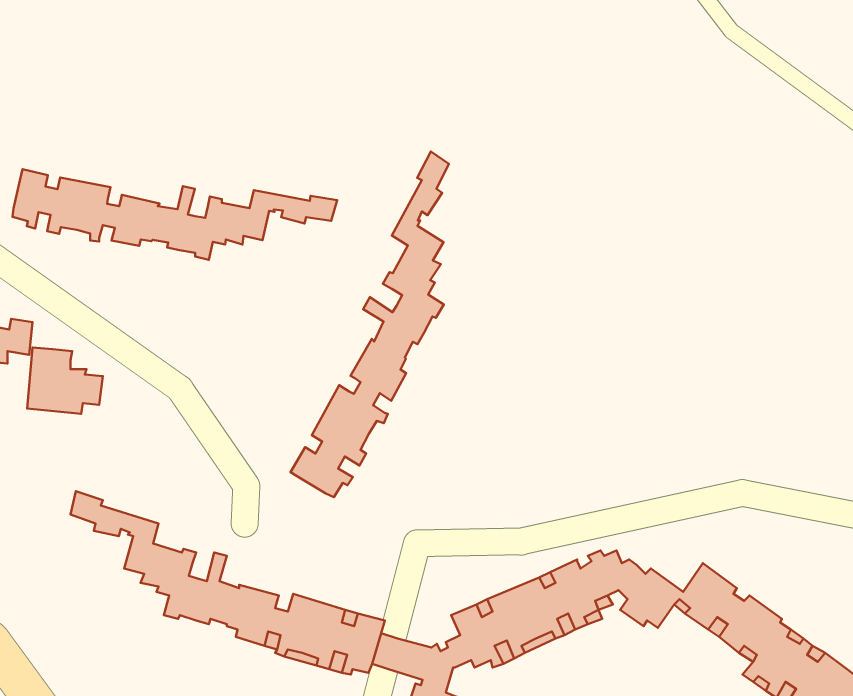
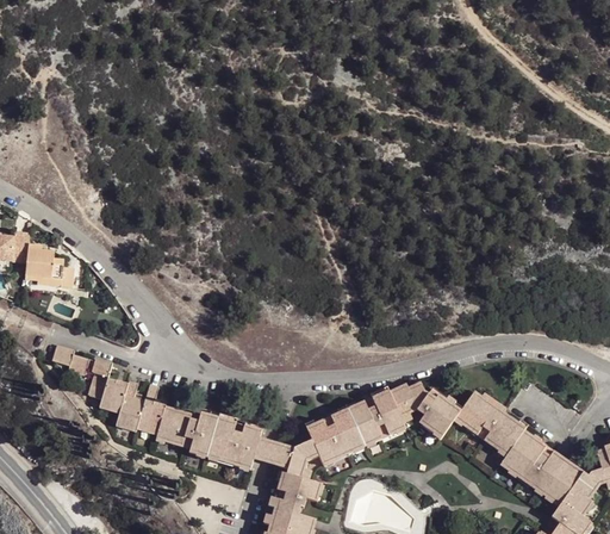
building: [291,151,449,497] -> none
building: [13,169,337,260] -> none

